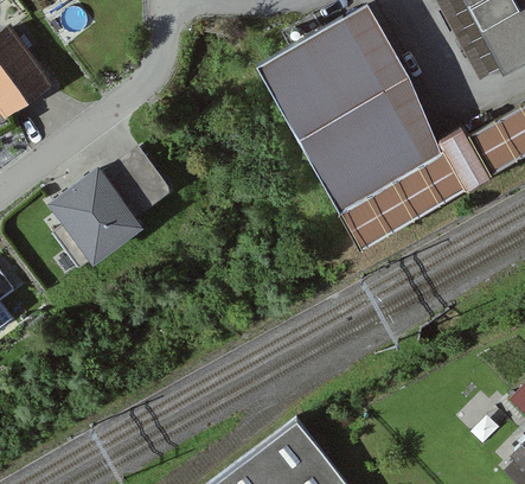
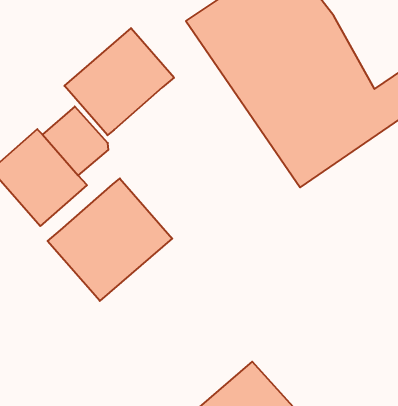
building: none -> [64,28,174,135]
building: none -> [48,178,172,301]

